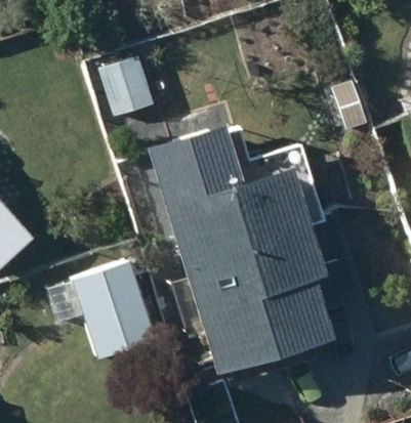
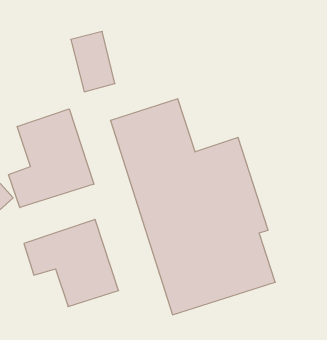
building: none -> [9,109,94,208]

